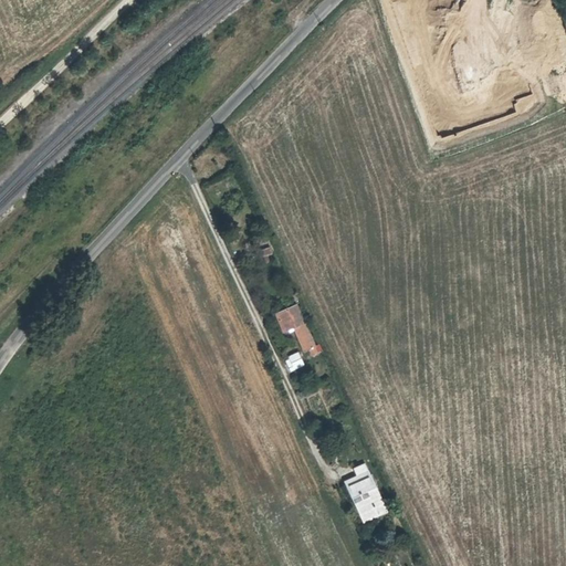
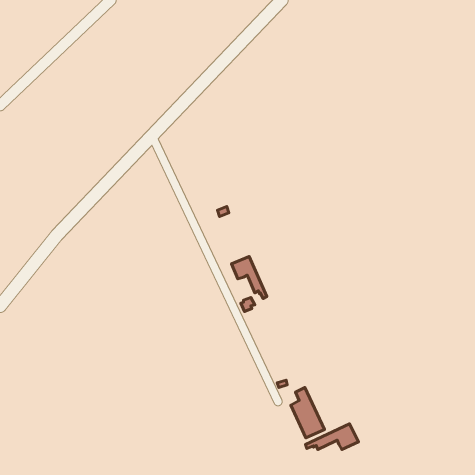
building: none -> [305,424,358,450]

